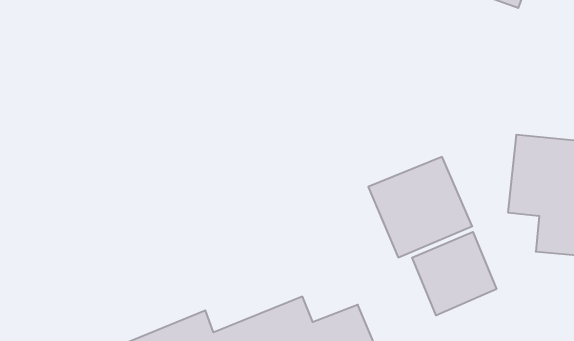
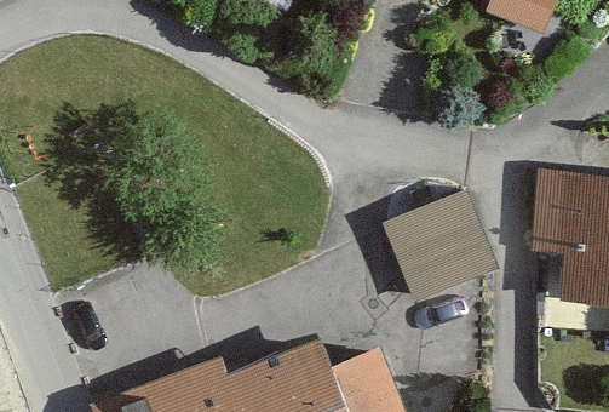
building: [412,232,496,315] -> none

